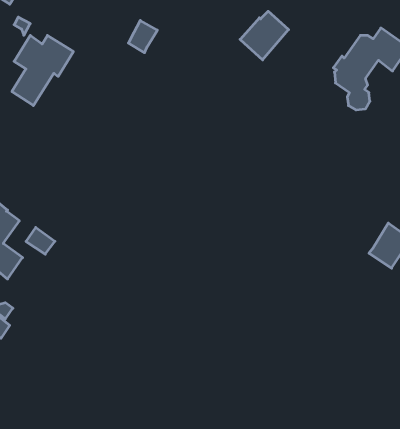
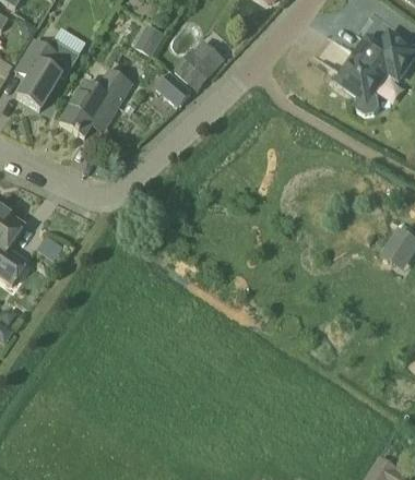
building: [240,11,289,60] -> [173,40,222,89]
building: none -> [60,69,131,135]
building: none -> [154,73,190,108]

